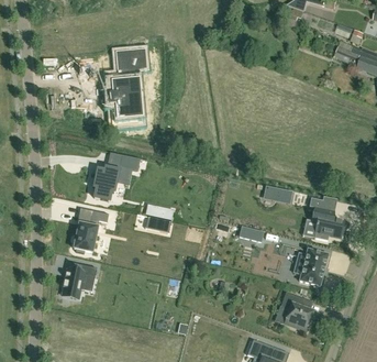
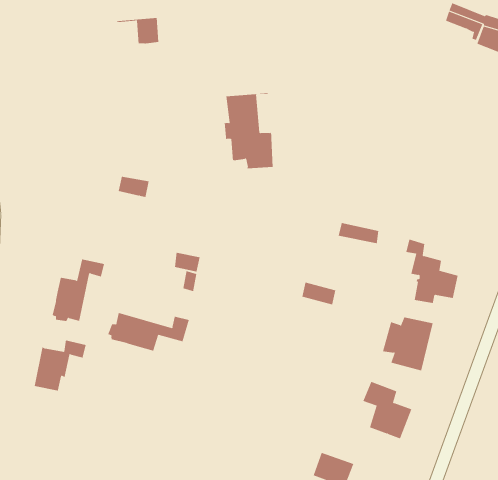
building: [108,73,141,123] -> [224,93,273,169]
building: [93,166,119,200] -> none
building: none -> [108,312,189,352]

